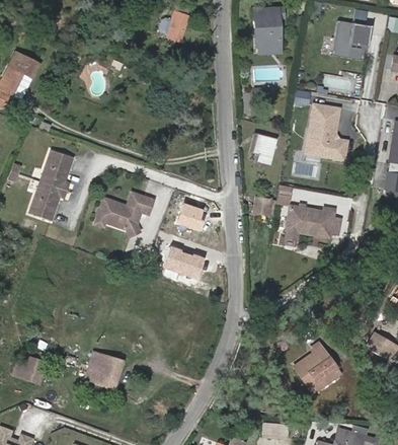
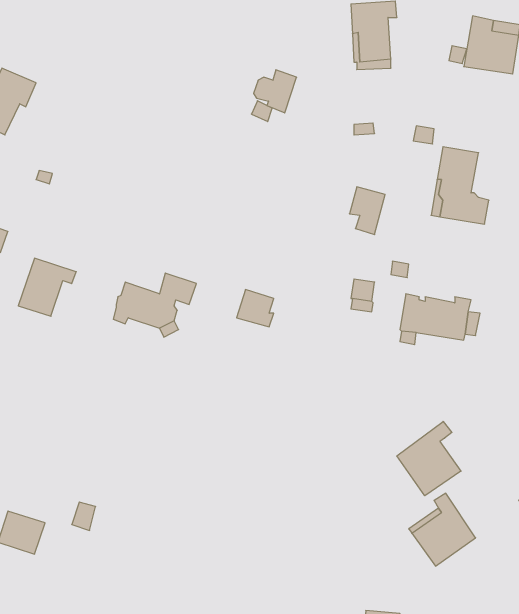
building: [159,11,188,41] -> [254,70,297,113]
building: [38,150,72,191] -> none
building: [160,245,203,279] -> none
building: none -> [397,421,461,496]
building: [86,352,124,387] -> none

